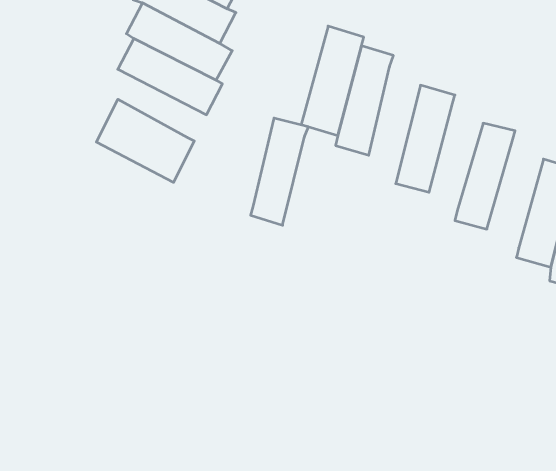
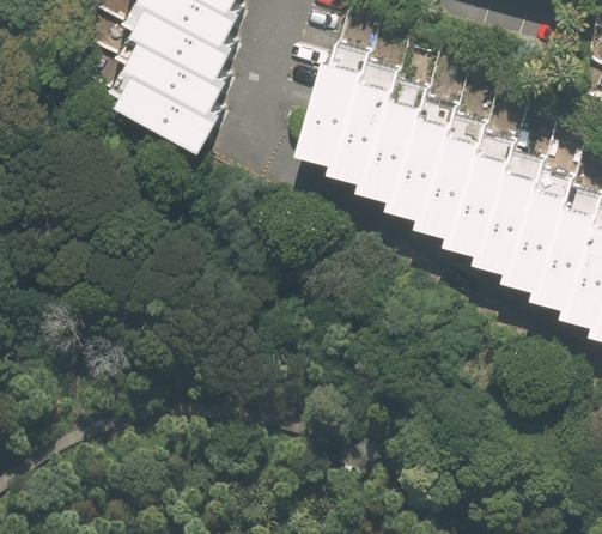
building: [96,99,194,182] -> none
building: none -> [416,132,474,236]
building: [251,118,308,225] -> [358,96,414,200]
building: none -> [473,166,533,272]

